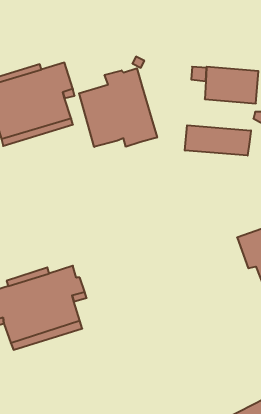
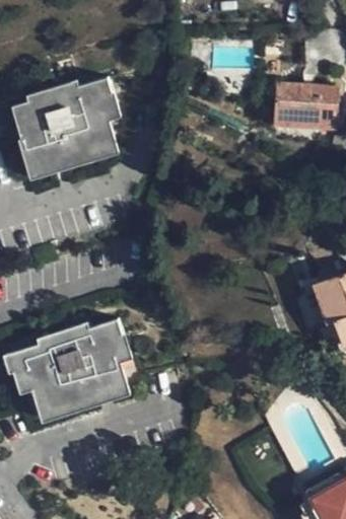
building: [79,68,157,147] -> none
building: [185,125,251,156] -> none

